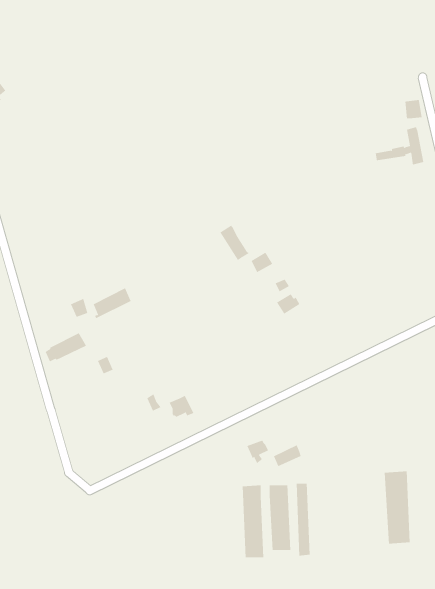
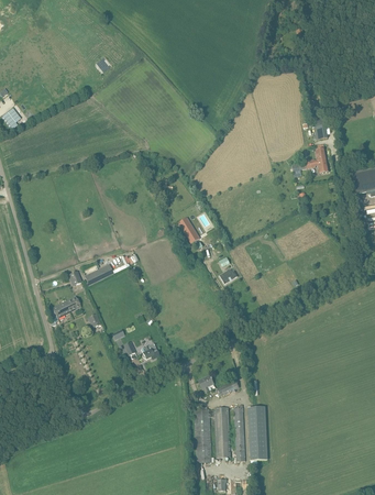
building: [384,471,411,544] -> [247,406,267,460]

